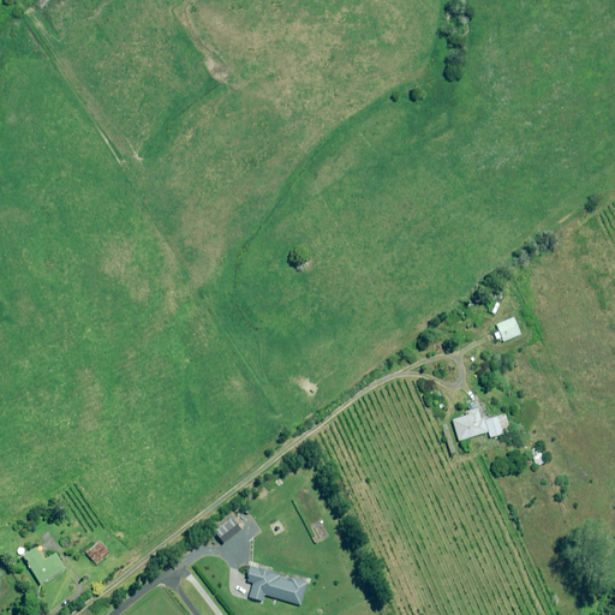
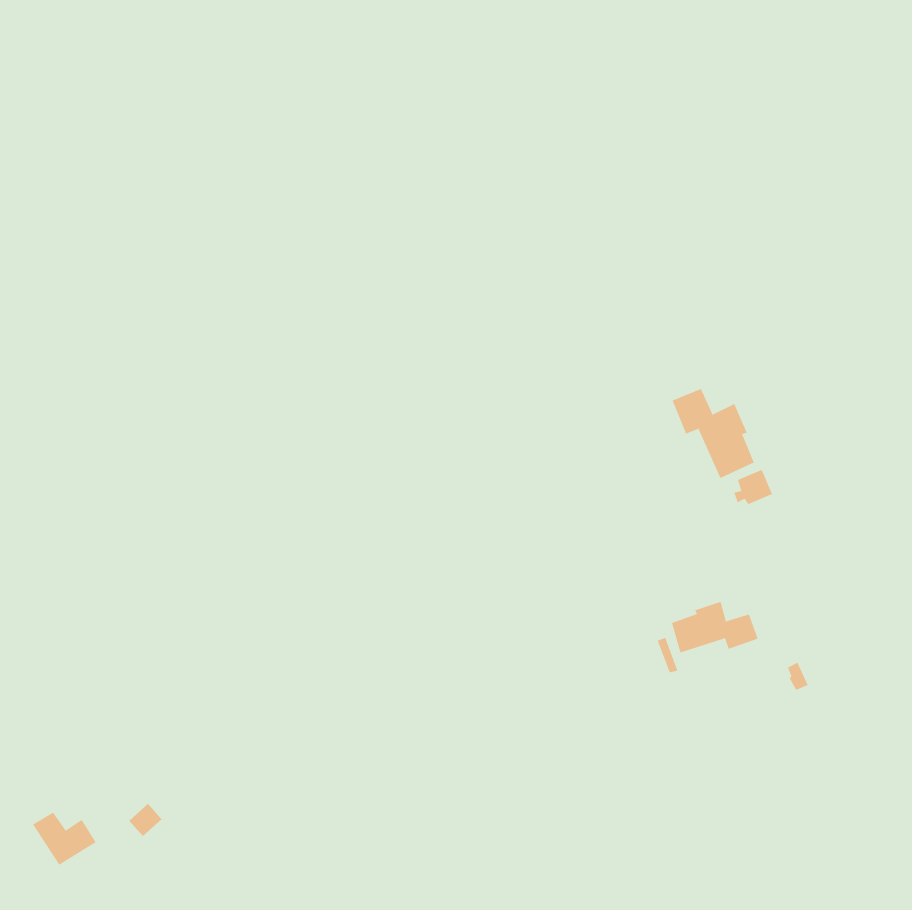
building: none -> [672,388,754,479]
building: [246,566,306,604] -> none

